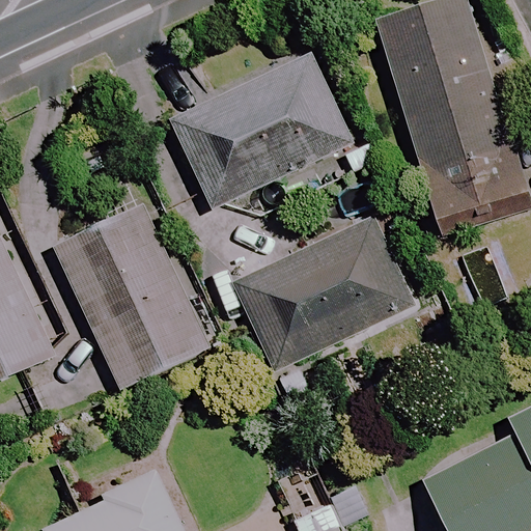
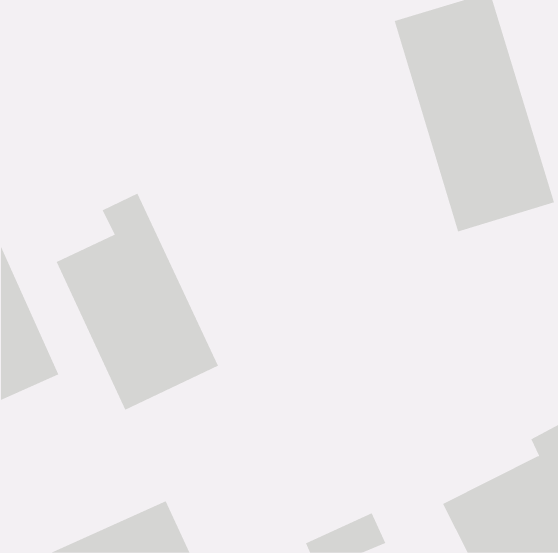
building: [168,53,380,218] -> none
building: [232,214,412,372] -> none

